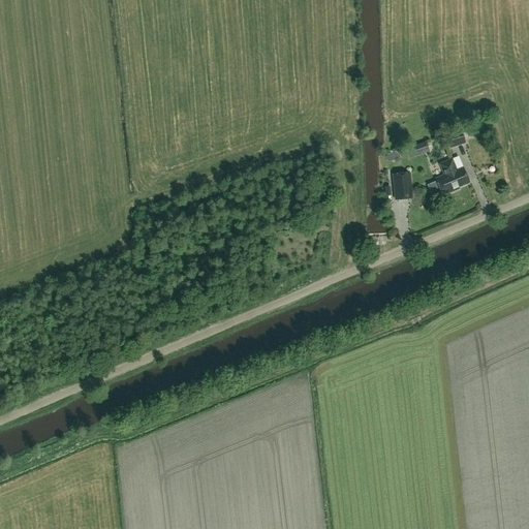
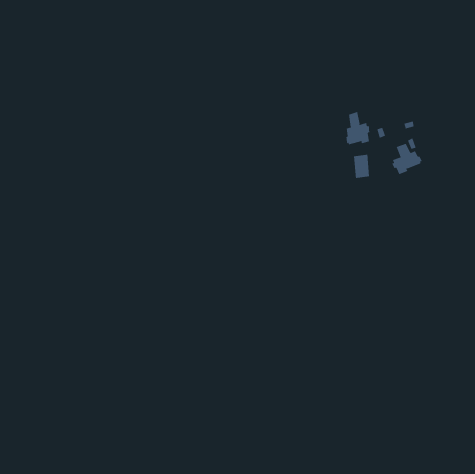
building: none -> [346,111,370,145]

